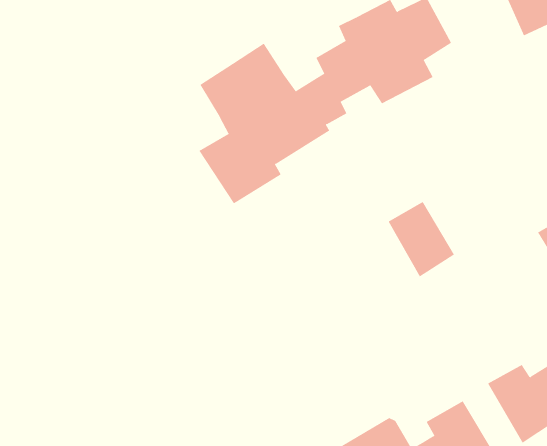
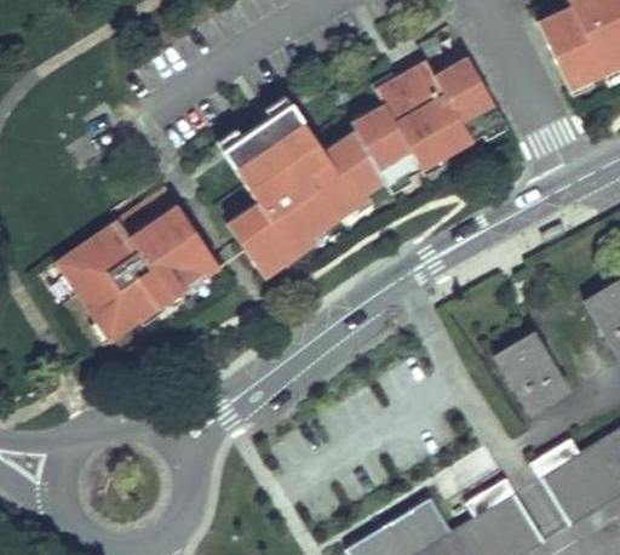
building: none -> [54,204,220,338]
building: [388,201,455,277] -> [495,337,567,418]

